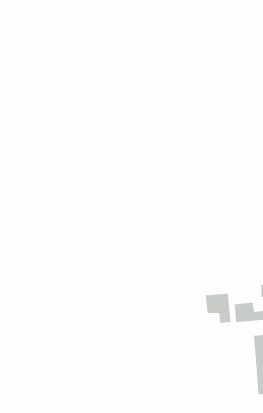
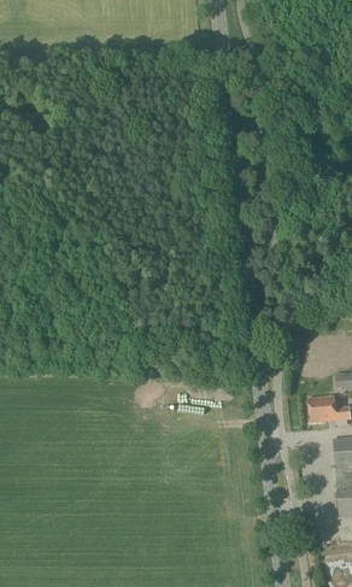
building: [205,293,231,324] -> none

